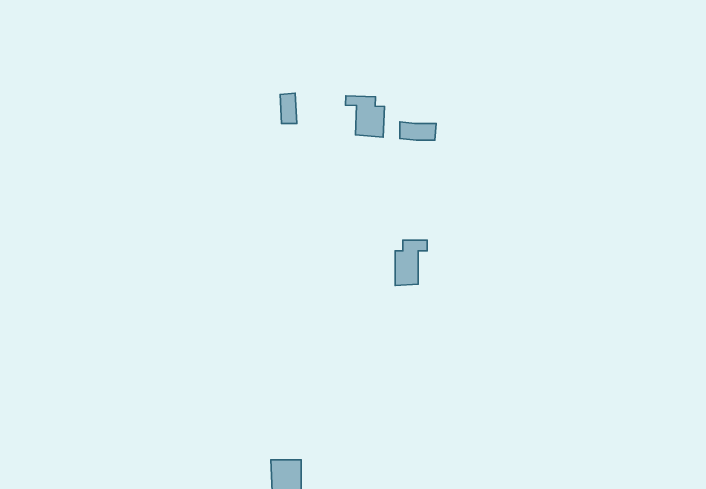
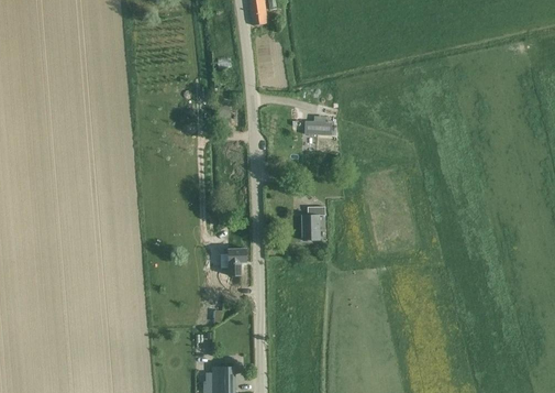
building: [345,96,384,137] -> none
building: none -> [220,249,246,275]

